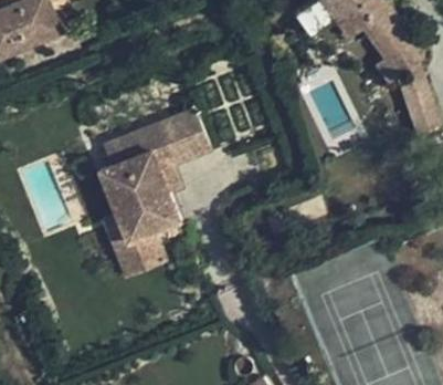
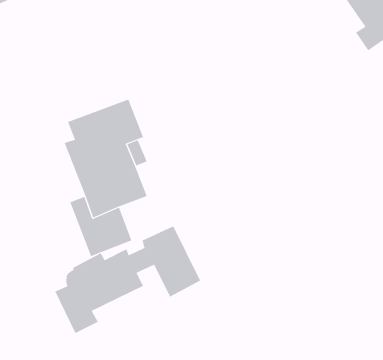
building: [160,115,209,166] -> none
building: none -> [54,225,201,334]

